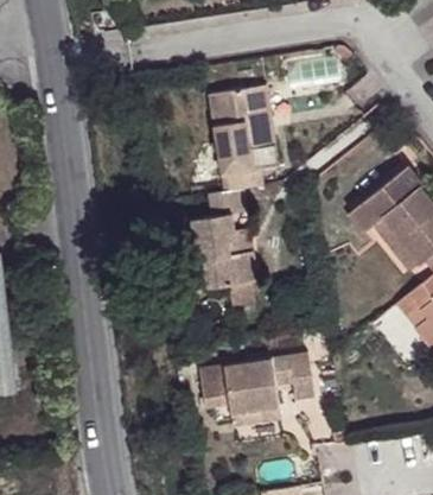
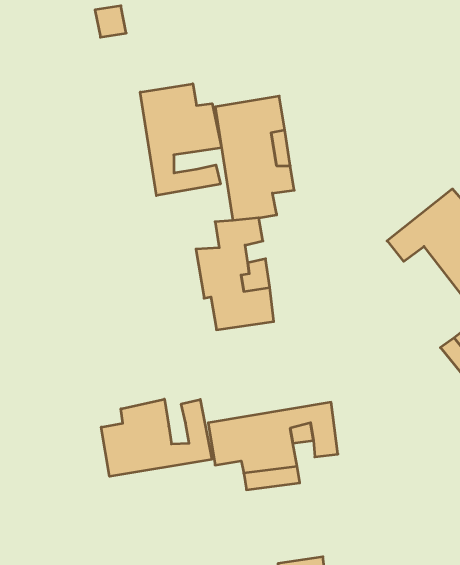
building: none -> [140,84,221,196]
building: none -> [101,399,212,476]

